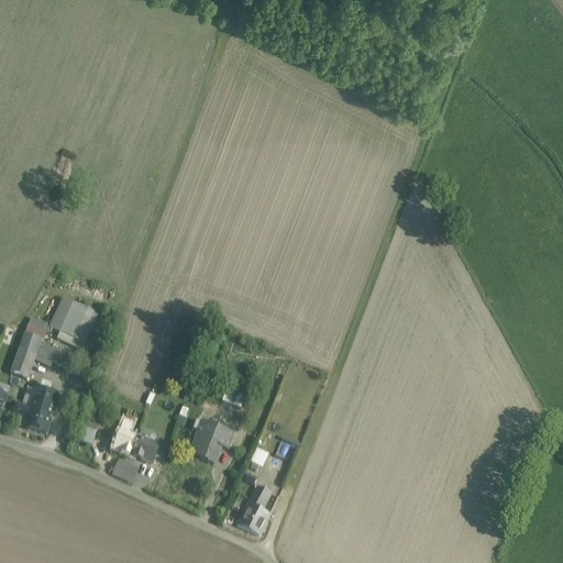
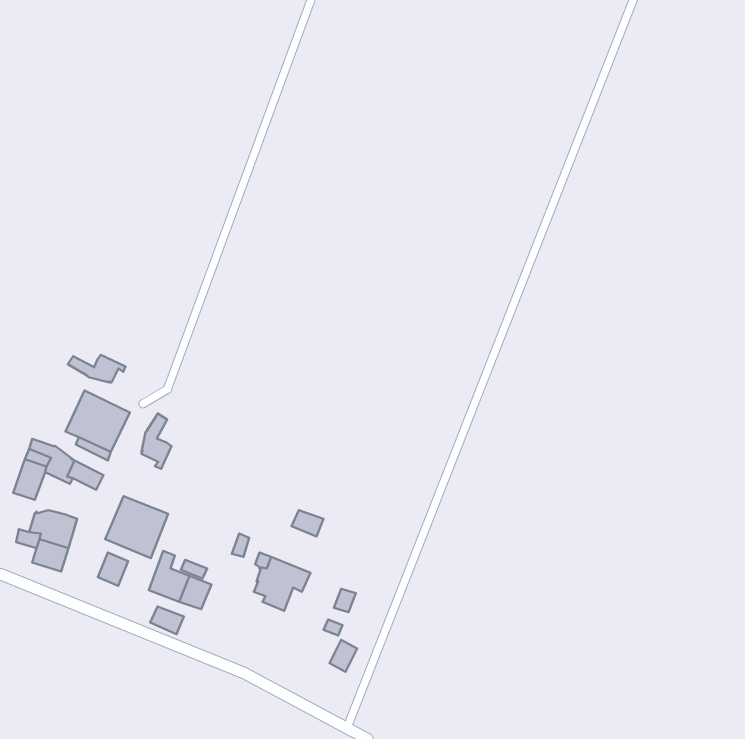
building: none -> [68,355,126,383]
building: none -> [141,414,172,469]
building: none -> [105,496,168,558]
building: [238,500,269,531] -> none

